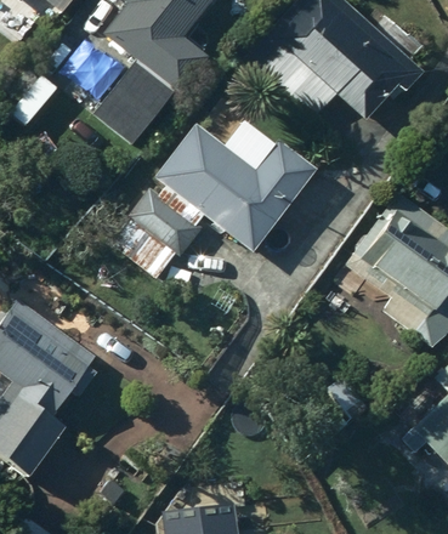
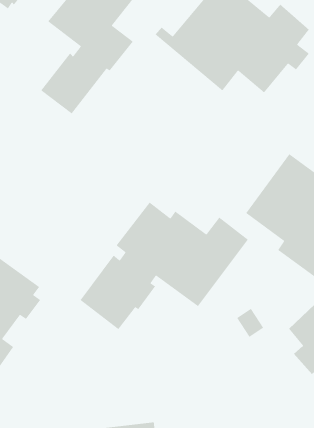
building: [109,123,316,279] -> [80,202,249,330]

